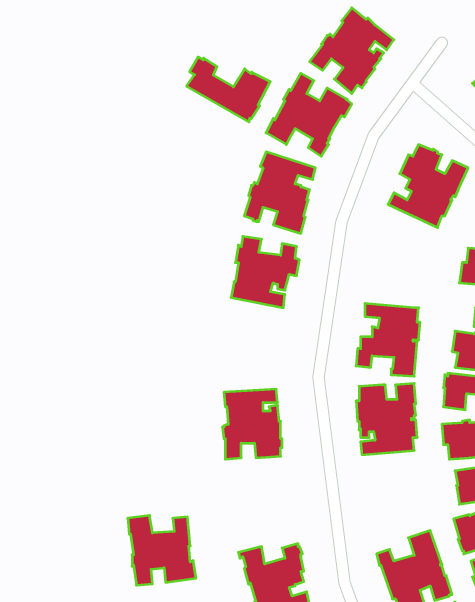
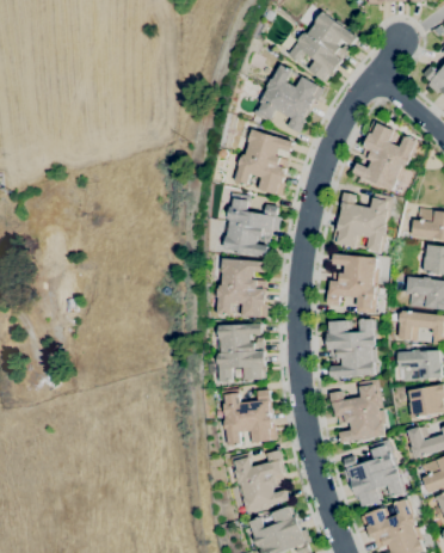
building: [187,57,270,122] -> none
building: none -> [338,192,394,252]
building: none -> [217,258,267,318]
building: none -> [329,379,386,442]
building: [128,515,196,585] -> [221,388,277,446]

